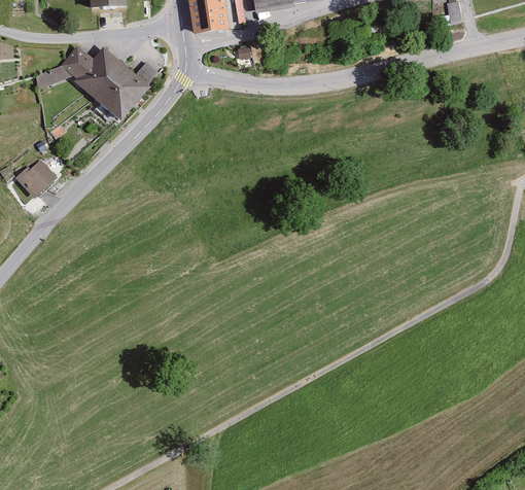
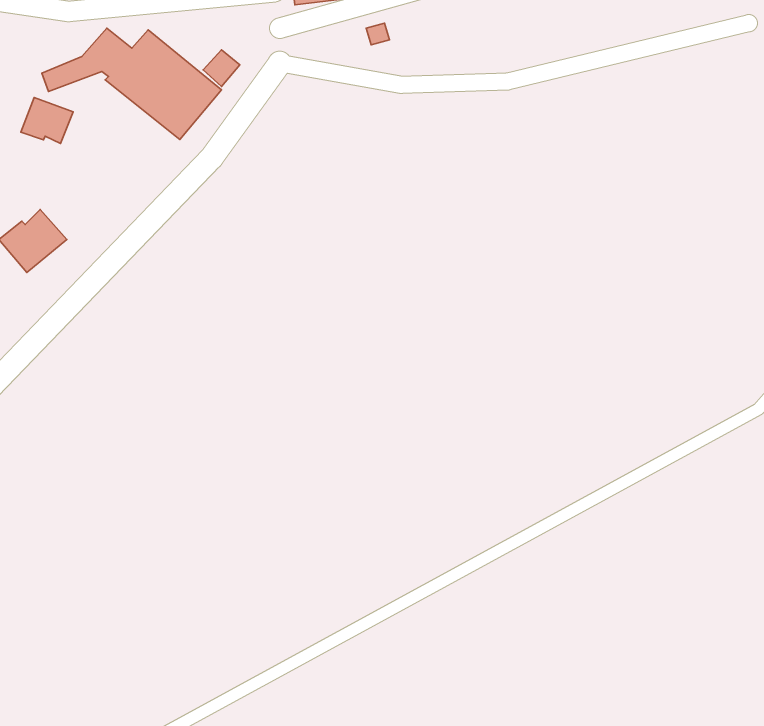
building: none -> [21,97,73,143]

